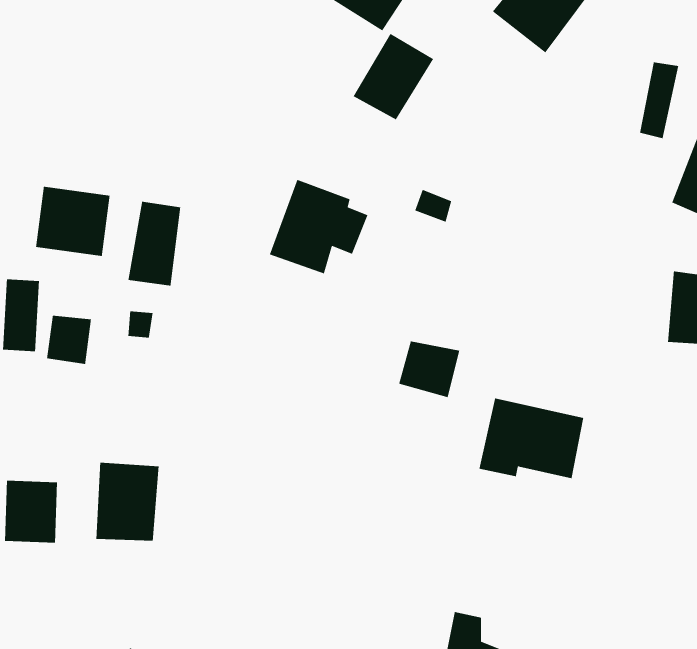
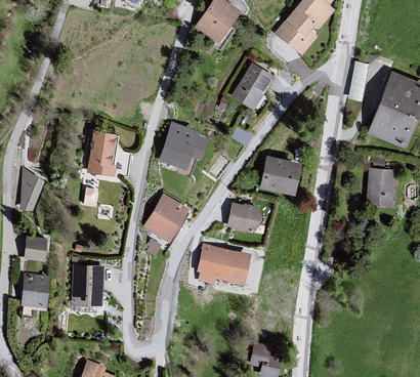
building: [352,33,434,120] -> [232,64,274,109]
building: [35,186,111,257] -> none
building: none -> [258,155,299,195]
building: [46,315,92,365] -> [26,237,49,262]
building: none -> [142,194,187,242]
building: [479,398,584,479] -> [195,243,249,285]

